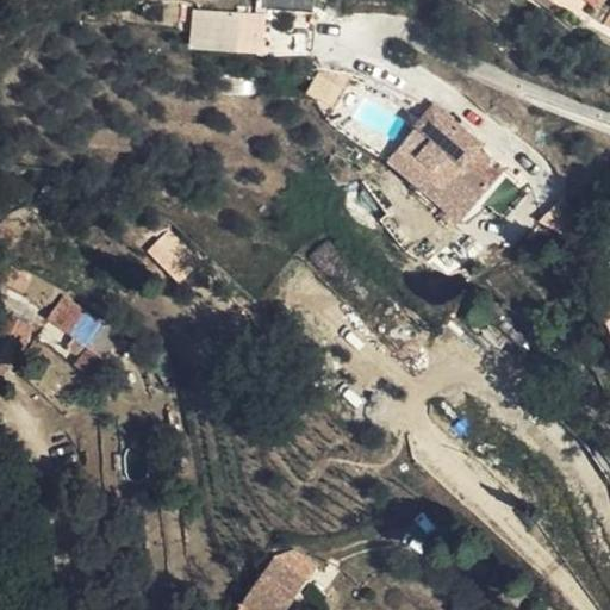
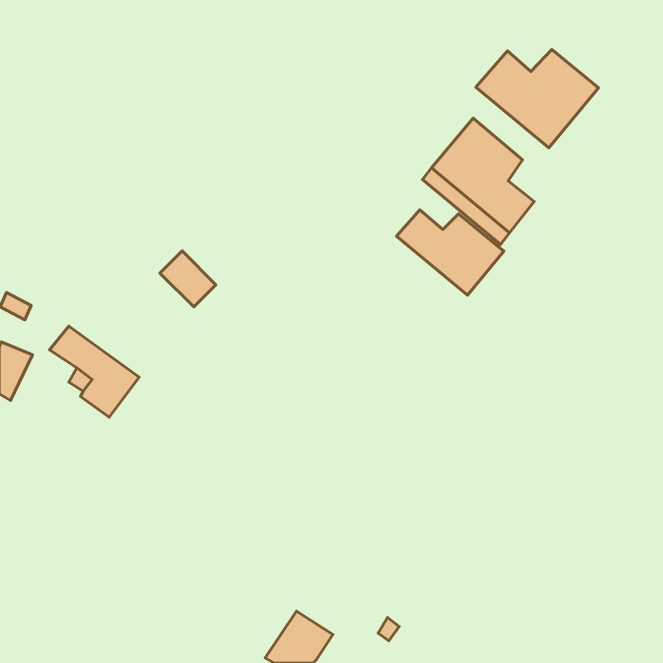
building: [188,11,264,51] -> none
building: none -> [476,50,598,148]
building: none -> [397,210,504,295]

